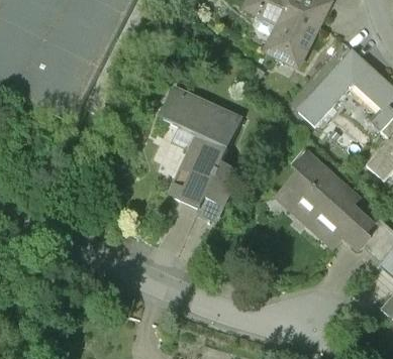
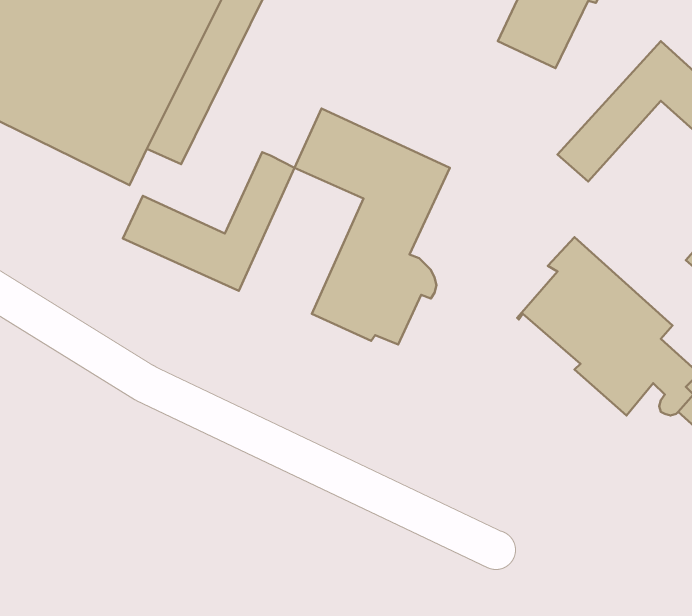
building: none -> [123,152,295,291]

